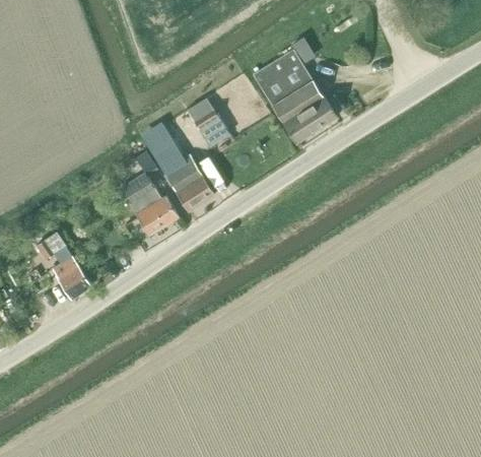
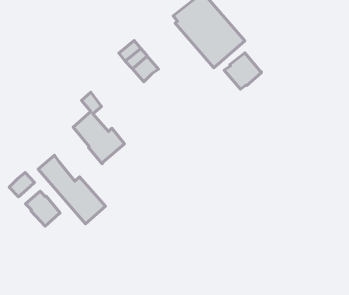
building: [142,125,214,210] -> [38,155,105,224]
building: none -> [224,53,261,89]

